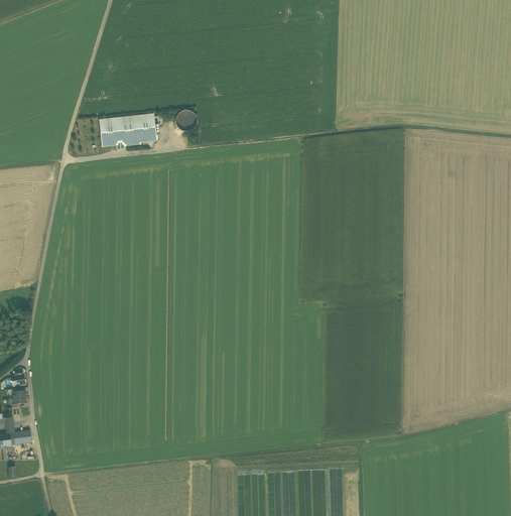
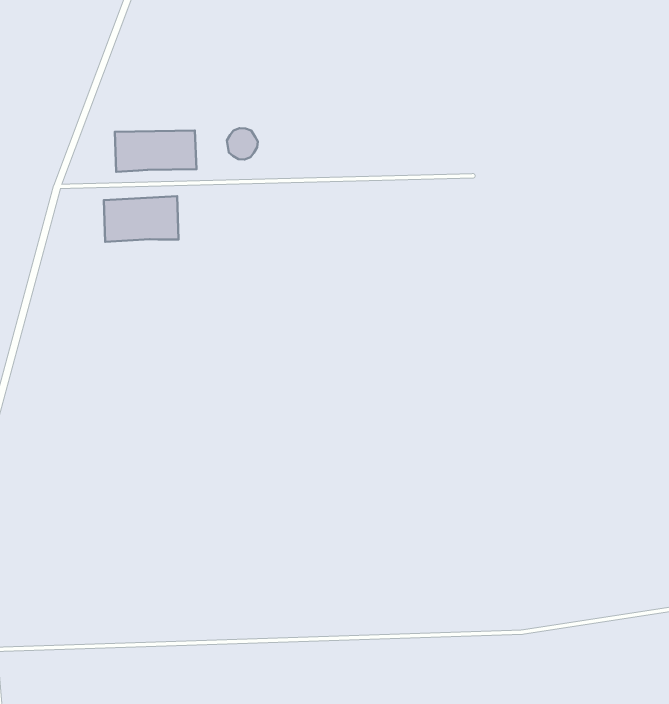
building: none -> [104,196,179,242]

